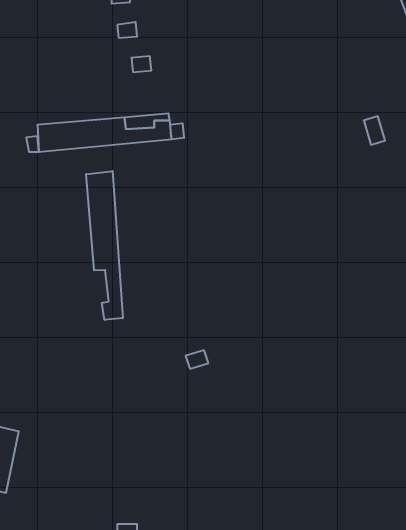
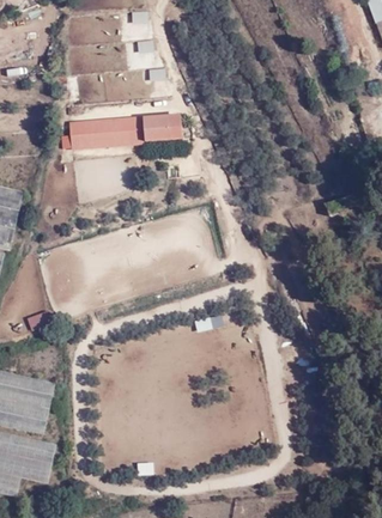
building: [86,171,123,320] -> none

